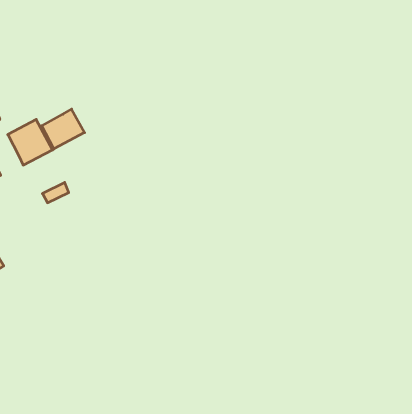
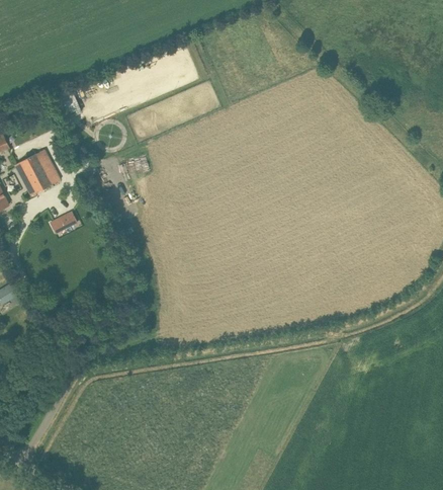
building: [42,109,85,149] -> none

